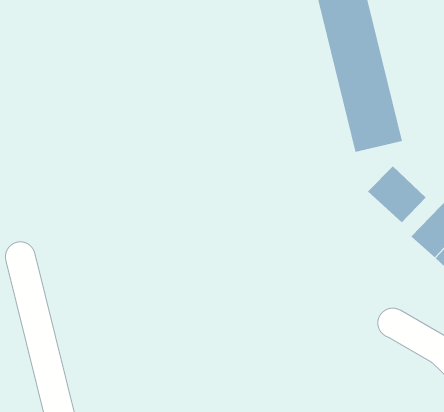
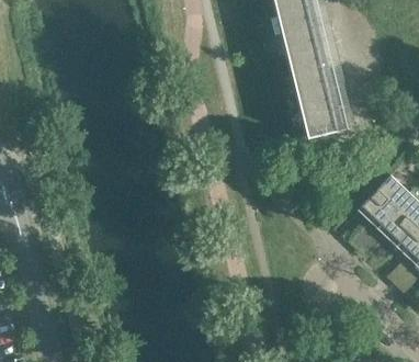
building: [367,165,426,223] -> none

